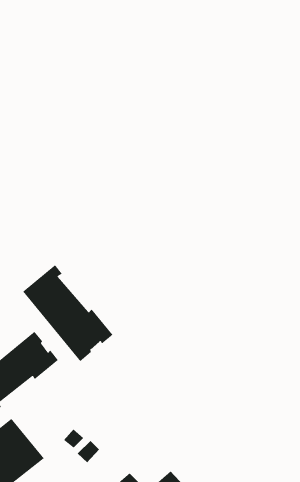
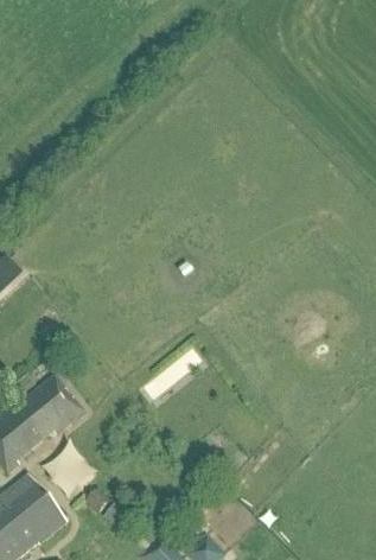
building: [22,264,113,362] -> none

